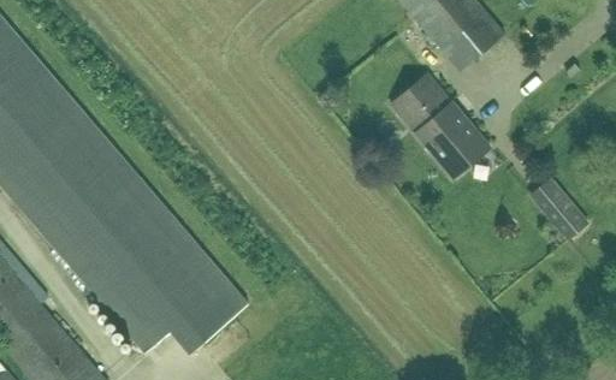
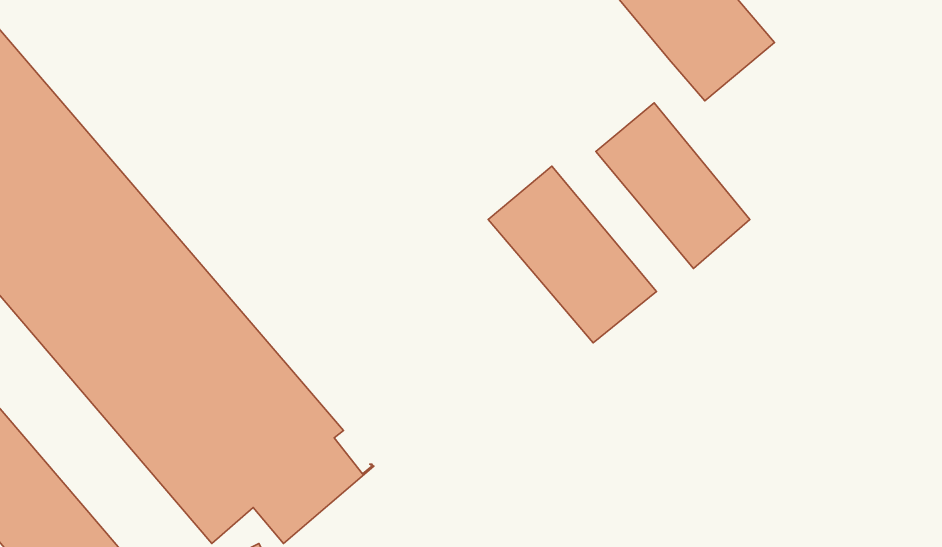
building: none -> [488,166,657,343]
building: [531,179,587,241] -> none

